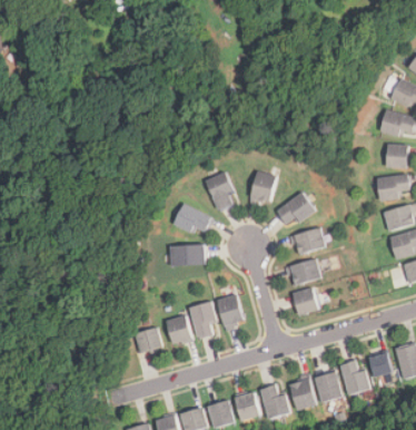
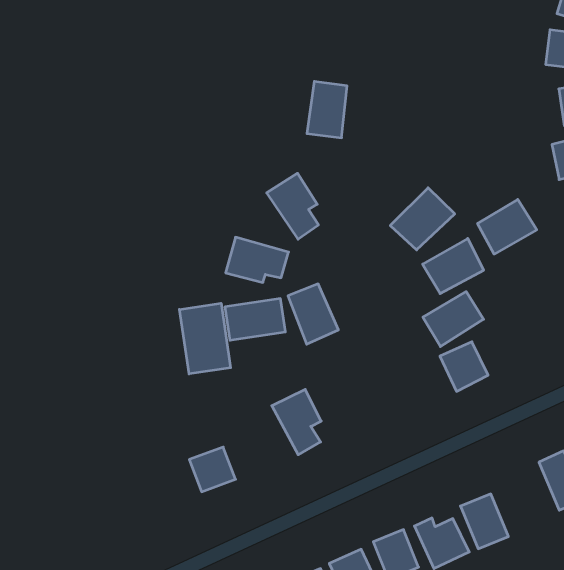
building: [247,170,275,206] -> [307,81,347,138]
building: none -> [478,199,537,254]
building: none -> [179,303,231,374]
building: [217,293,244,328] -> [288,284,338,344]
building: [166,314,191,343] -> none
building: [315,370,343,401] -> none

